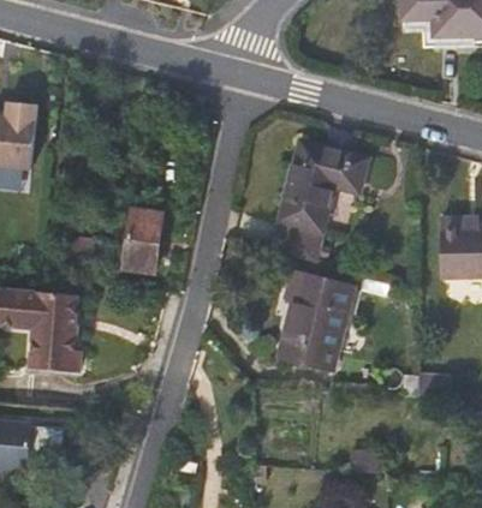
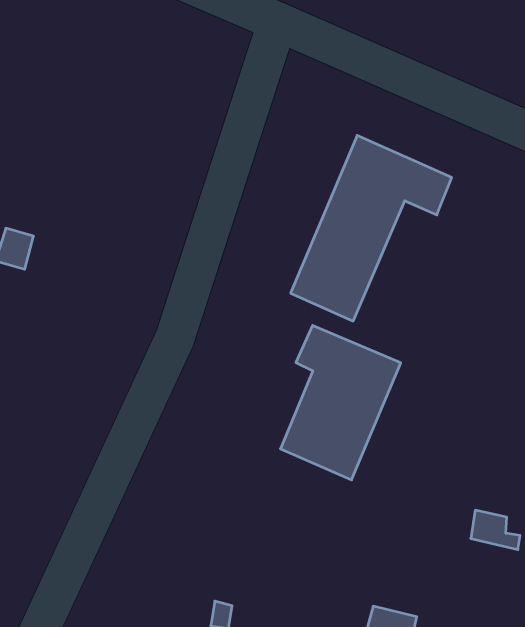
building: [126,210,162,271] -> none

